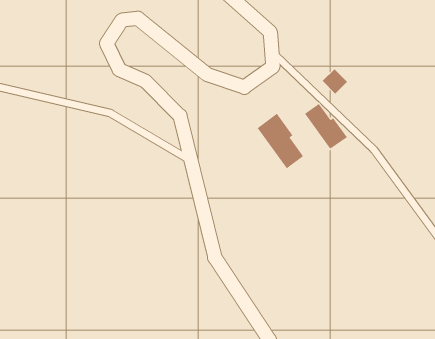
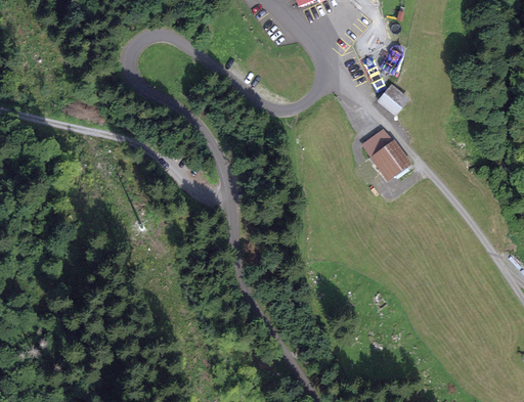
building: [257,113,304,169] -> none

